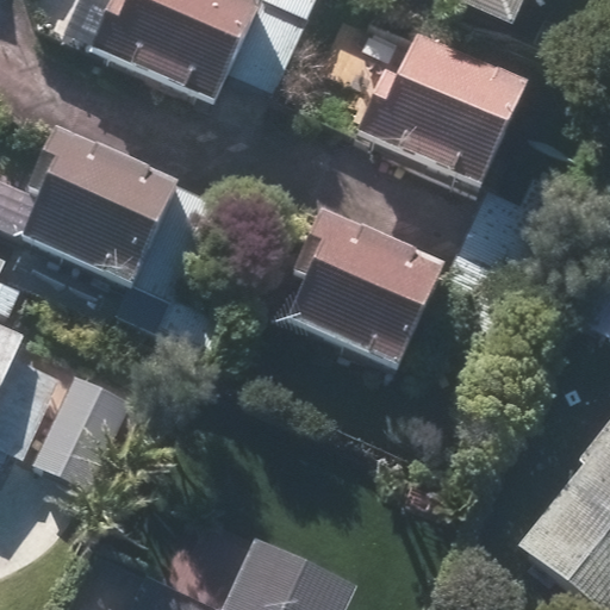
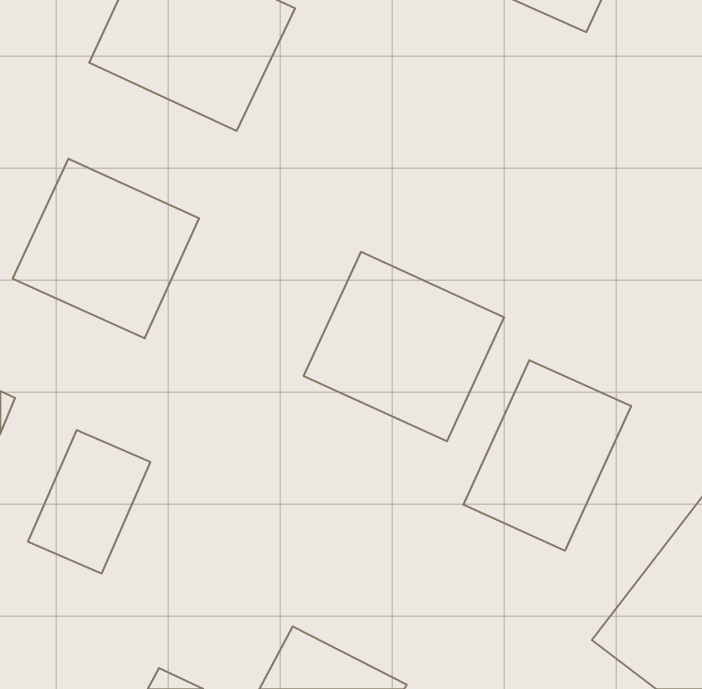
building: [356,37,523,195] -> none
building: none -> [463,360,631,551]

